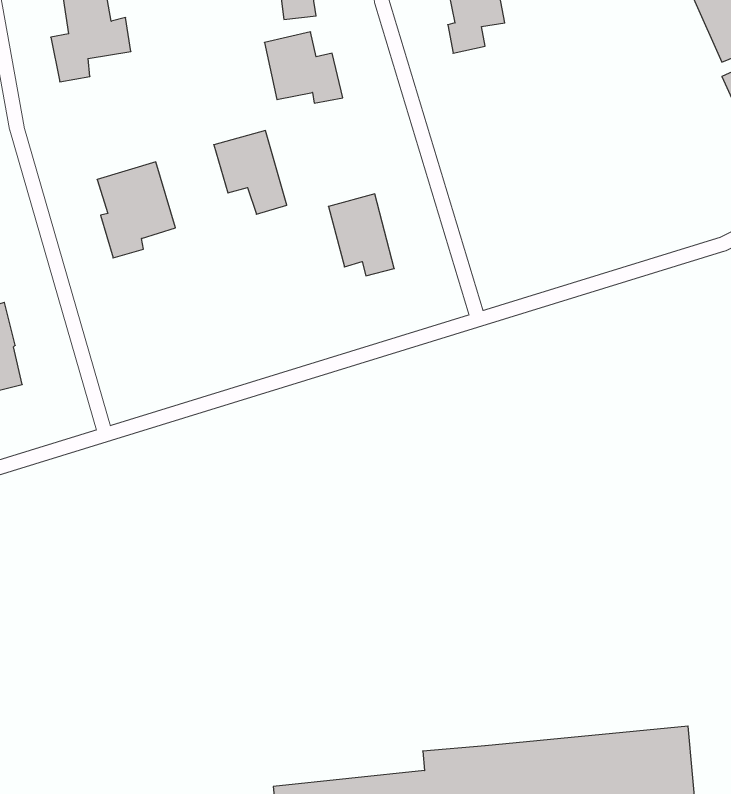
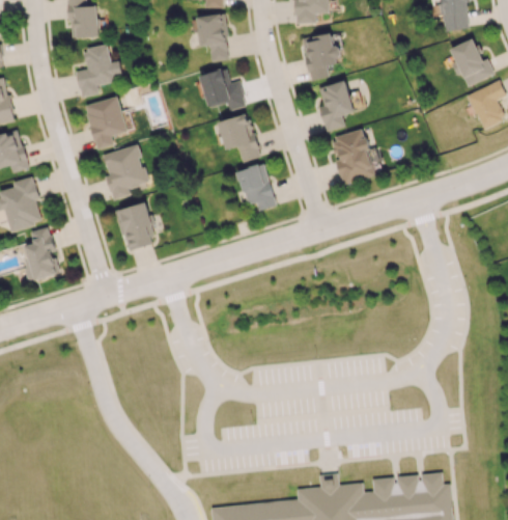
building: none -> [318,80,355,132]
building: none -> [84,97,126,149]
building: [214,131,287,214] -> [218,113,260,162]
building: none -> [332,129,375,185]
building: none -> [114,202,156,250]

